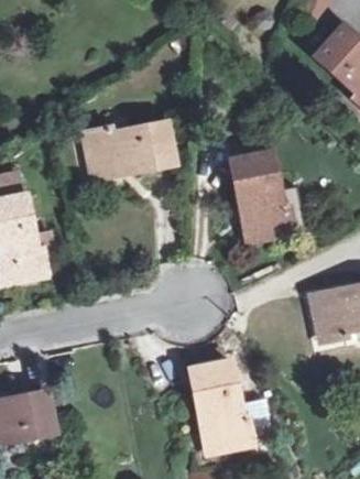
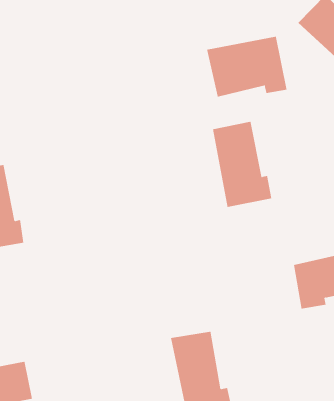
building: none -> [207,36,287,98]
building: [84,124,172,177] -> none

